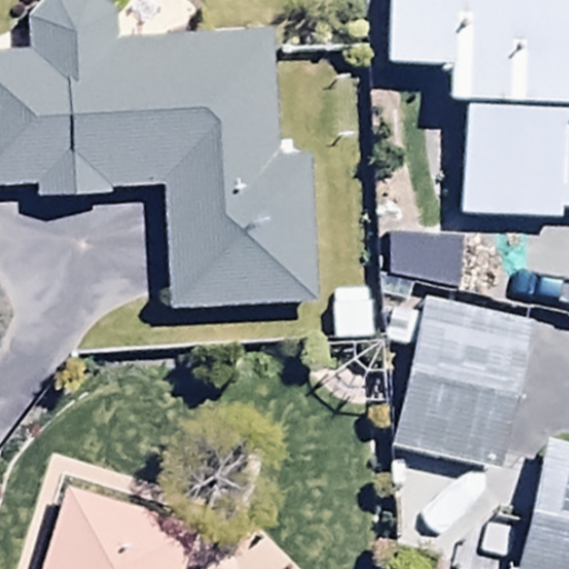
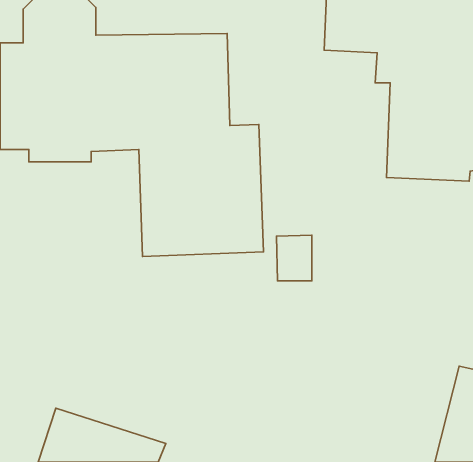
building: [389,293,535,473] -> none

